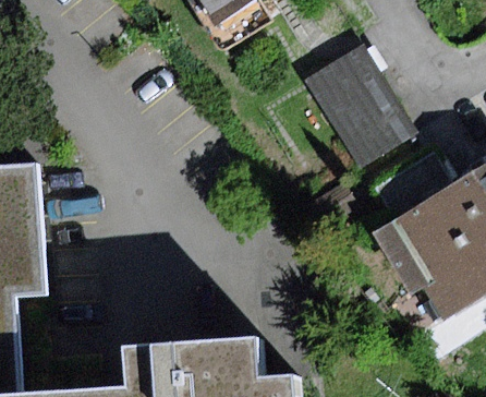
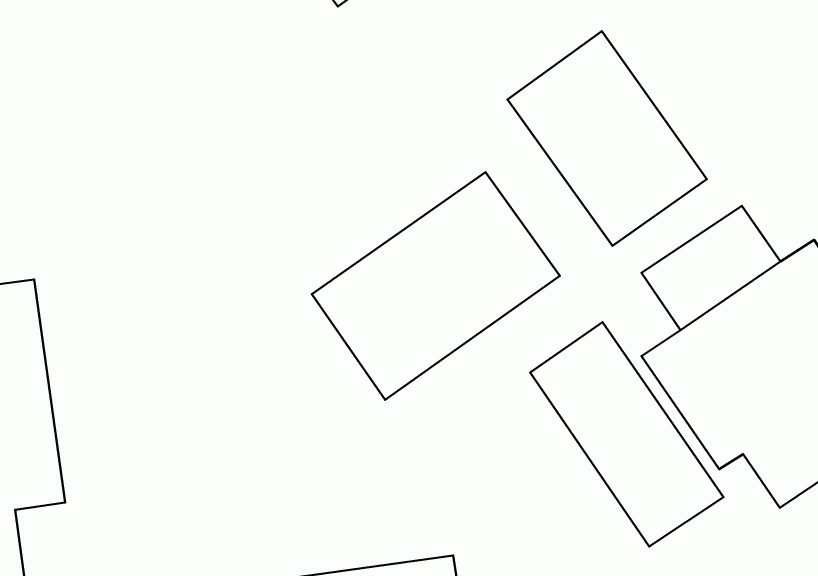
building: none -> [312,172,560,400]
building: none -> [530,322,723,547]

